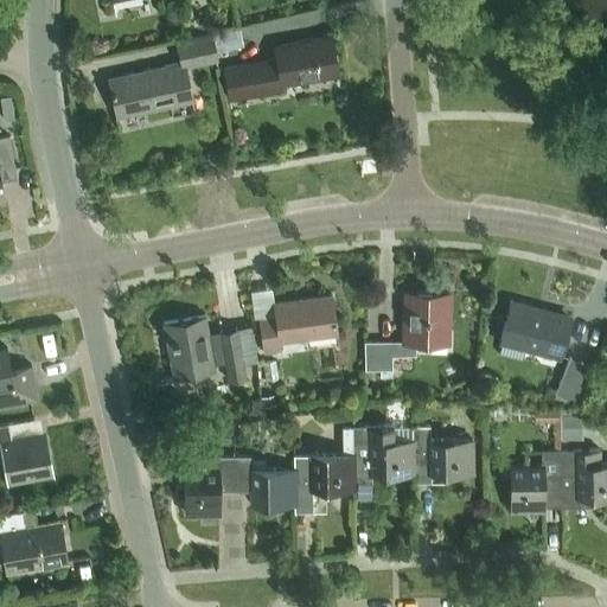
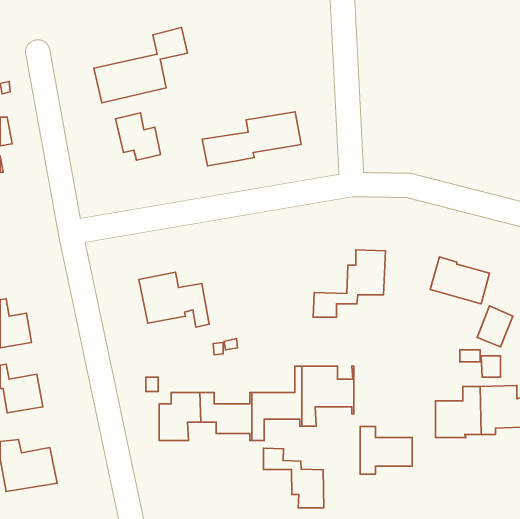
building: [225,39,340,102] -> [202,112,301,166]
building: none -> [115,113,161,160]
building: [262,296,341,353] -> none
building: [413,428,473,484] -> [360,426,412,474]
building: none -> [263,448,324,508]

